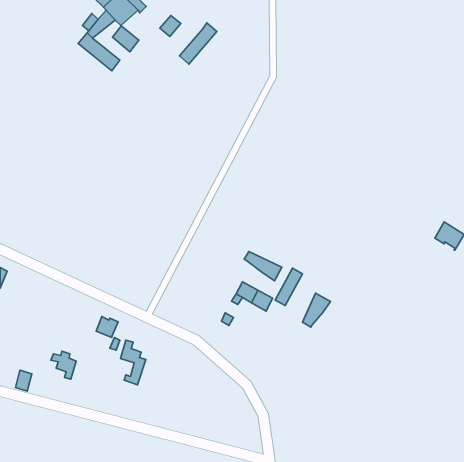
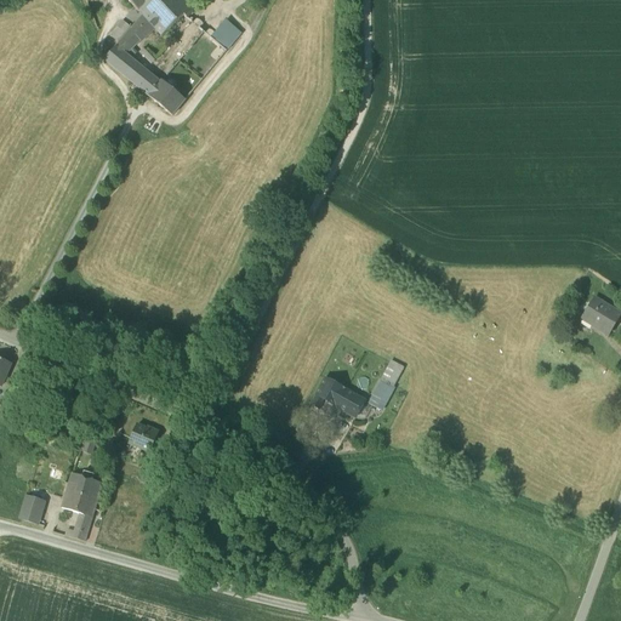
building: [179,23,217,64] -> none
building: [113,25,139,52] -> [149,79,184,114]
building: [244,252,282,281] -> none
building: [302,293,331,327] -> none
building: [120,340,146,385] -> [61,480,95,540]

